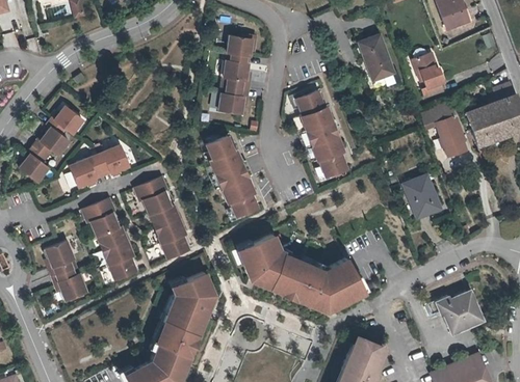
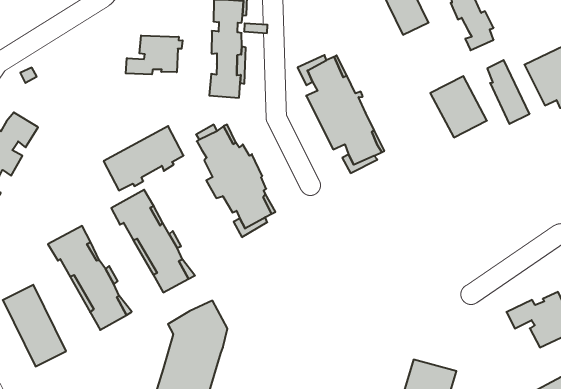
building: none -> [126,35,183,74]
building: [68,145,130,191] -> [104,126,184,190]
building: [401,174,443,221] -> [430,76,487,137]
building: [235,238,366,319] -> none

